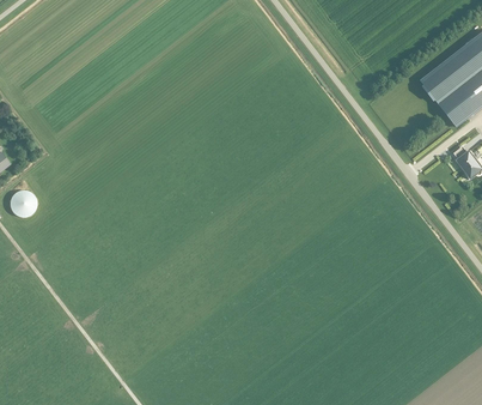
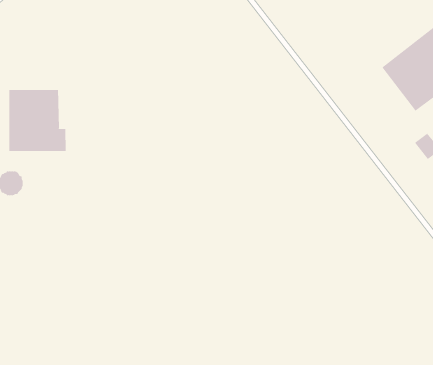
building: none -> [9,89,66,152]

